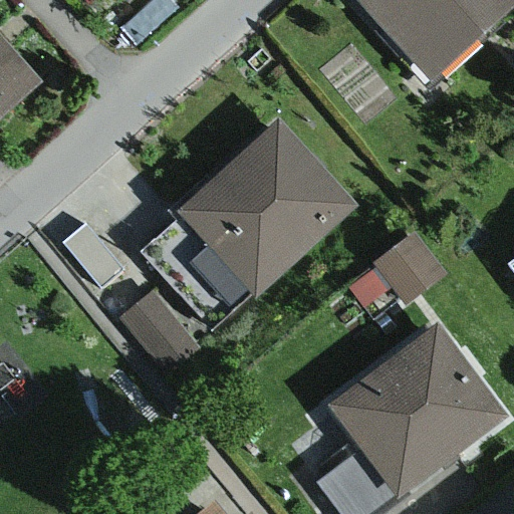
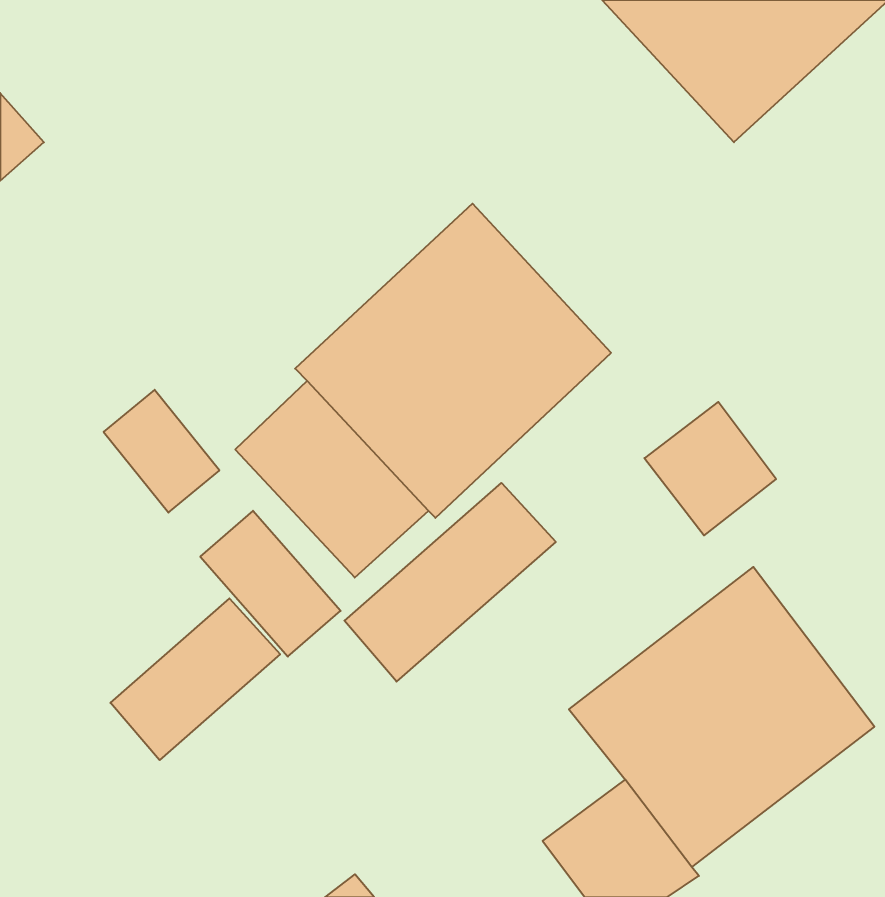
building: none -> [344,483,556,682]
building: none -> [110,598,280,760]

